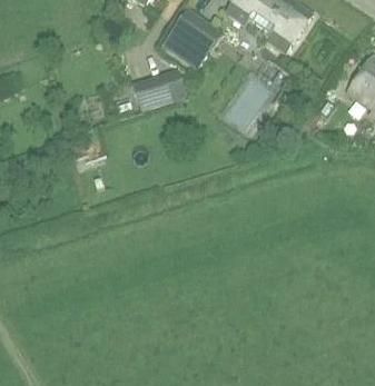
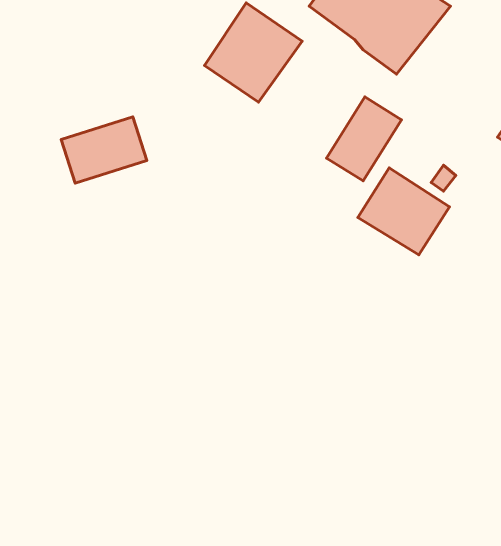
building: [130,68,185,110] -> [61,117,147,183]
building: none -> [358,168,449,255]

